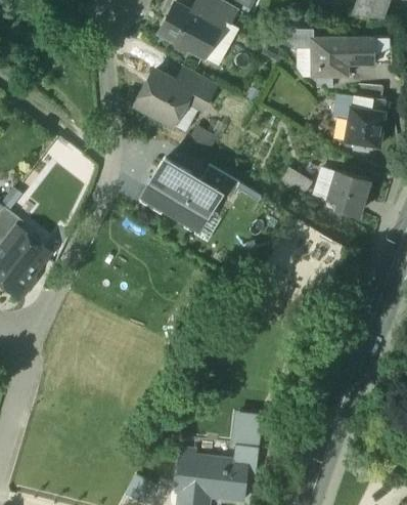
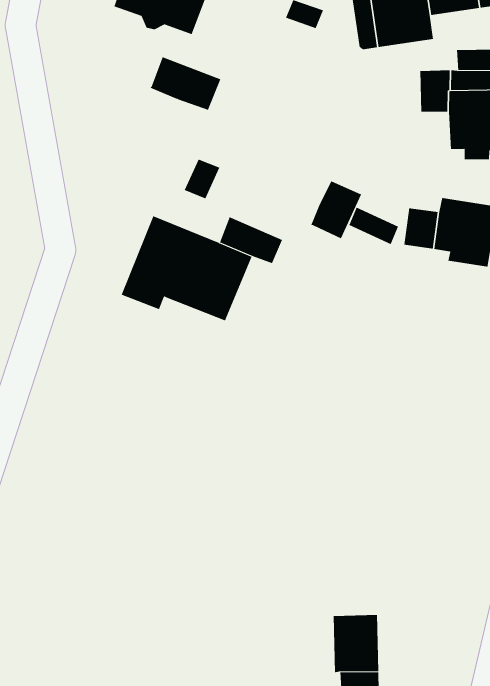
building: [135,70,189,124] -> none
building: none -> [310,180,362,239]

